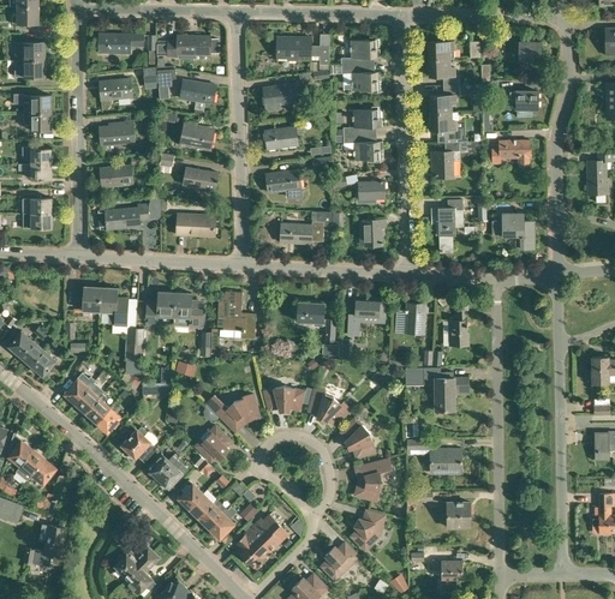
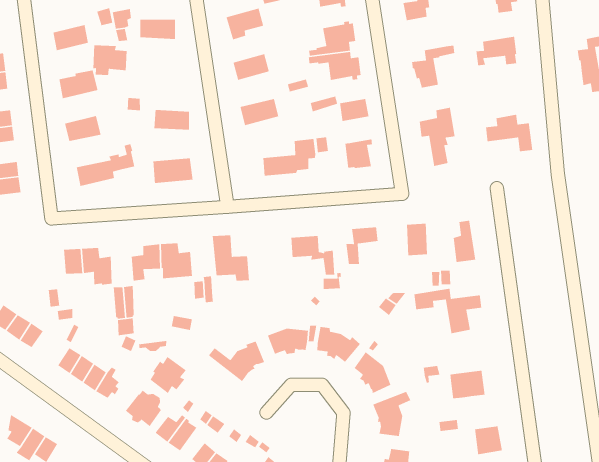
building: [431,112,467,142] -> none
building: [180,121,215,152] -> [93,45,128,76]
building: [196,425,232,461] -> [149,356,187,394]

